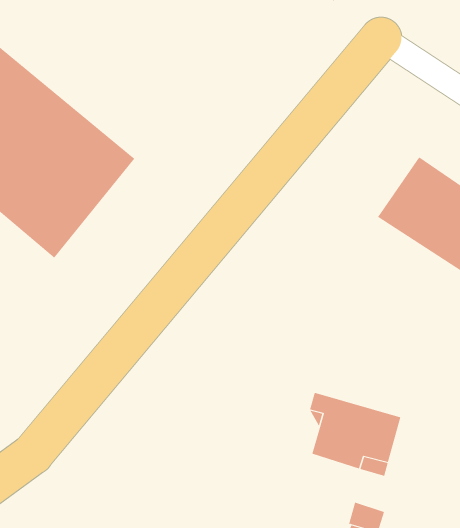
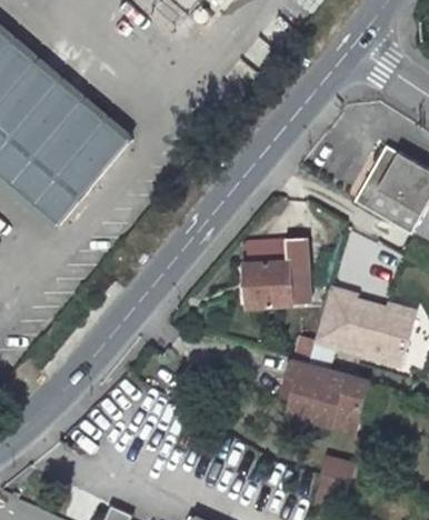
building: none -> [247,236,310,304]
building: none -> [316,283,416,361]

